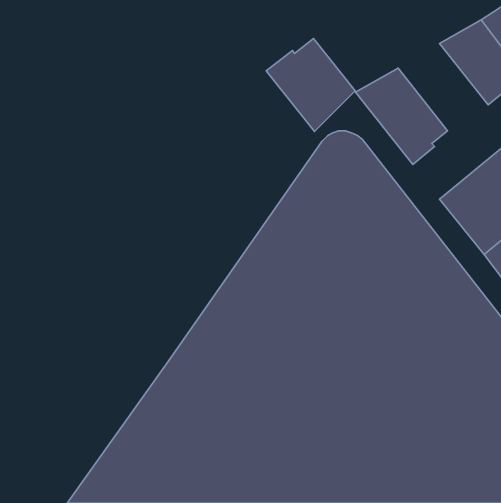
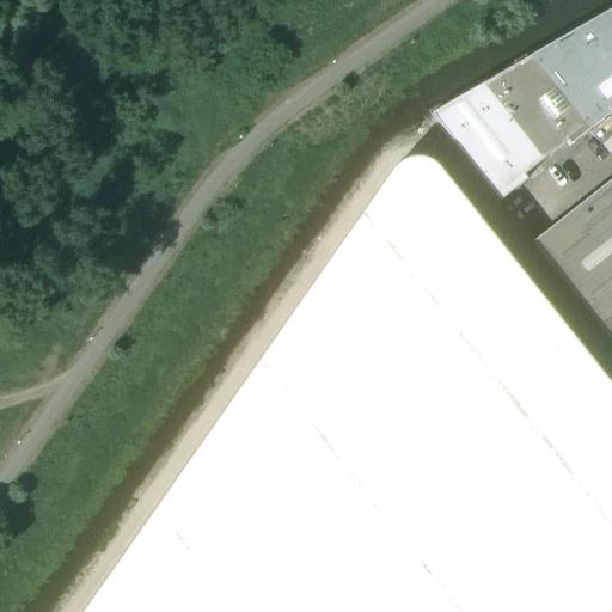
building: [266,39,355,132] -> none
building: none -> [486,53,595,158]

